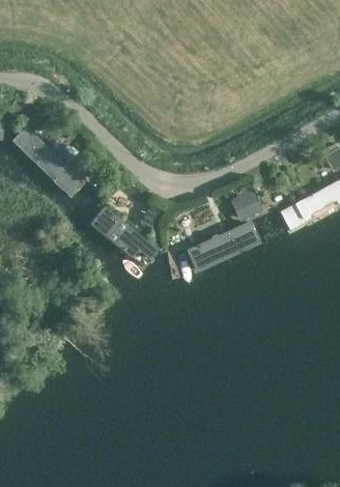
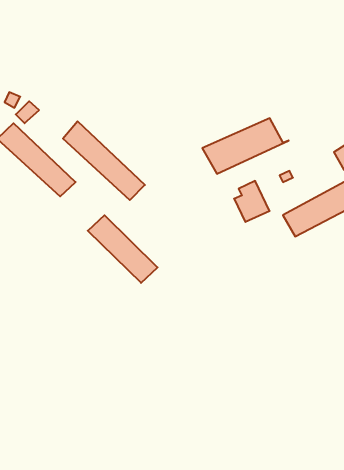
building: none -> [63,121,145,200]
building: [186,222,266,274] -> [202,118,289,174]

